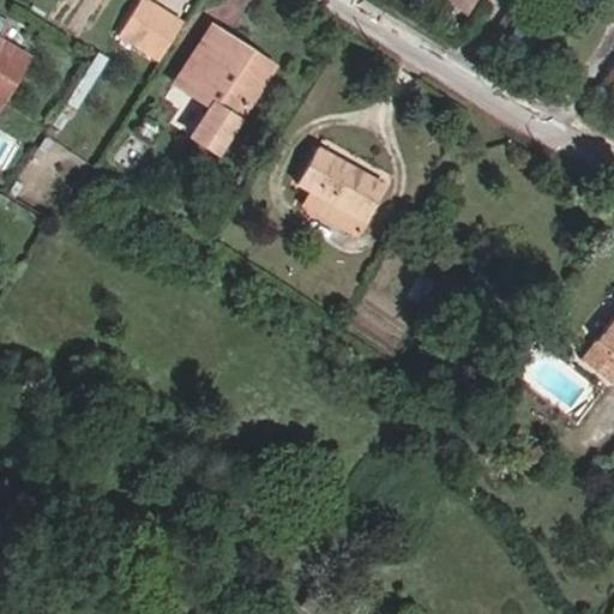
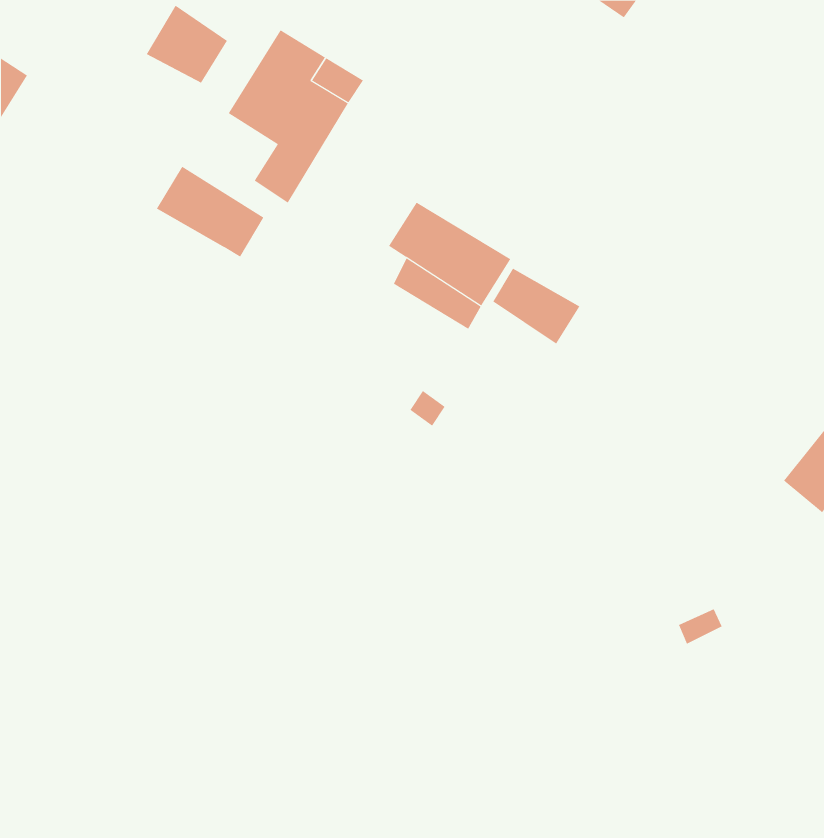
building: none -> [156,166,264,257]
building: none -> [493,268,580,345]

